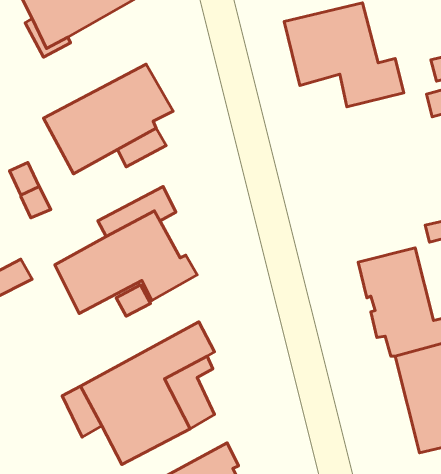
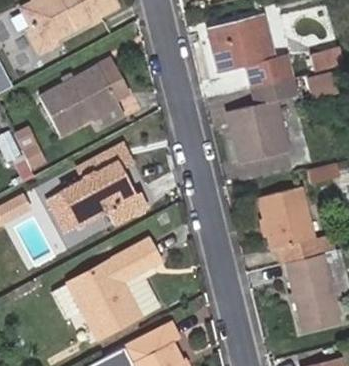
building: none -> [228,78,297,163]

